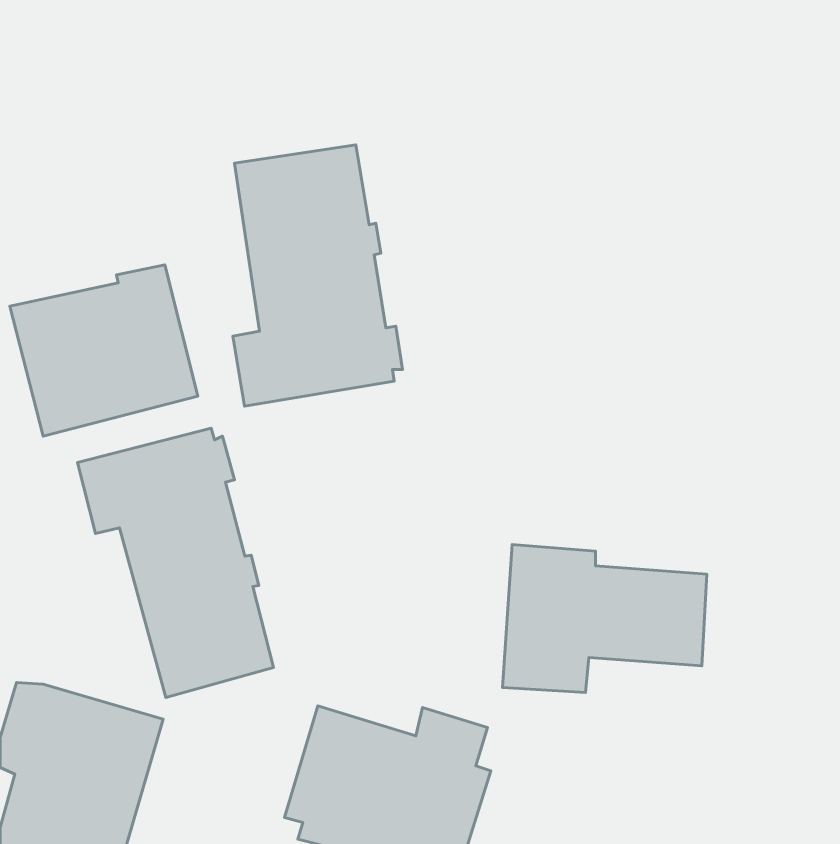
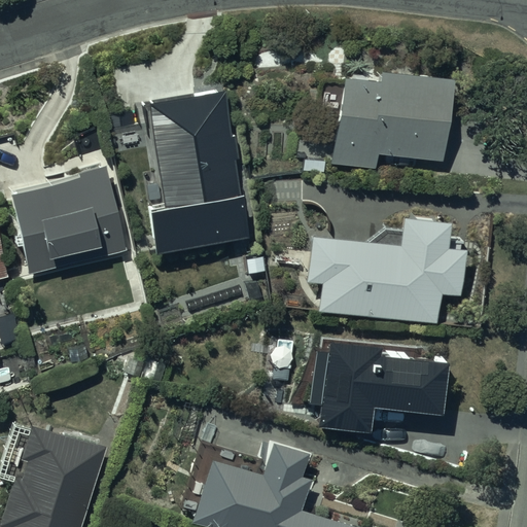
building: none -> [319,72,453,171]
building: none -> [304,225,463,323]
building: [77,428,274,697] -> none

